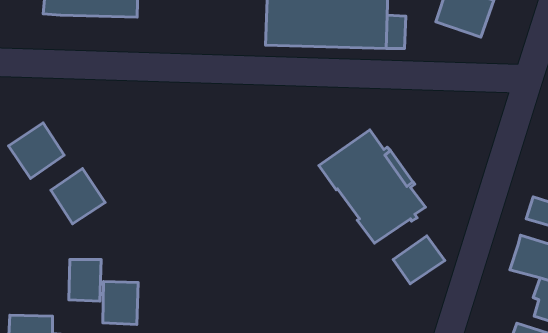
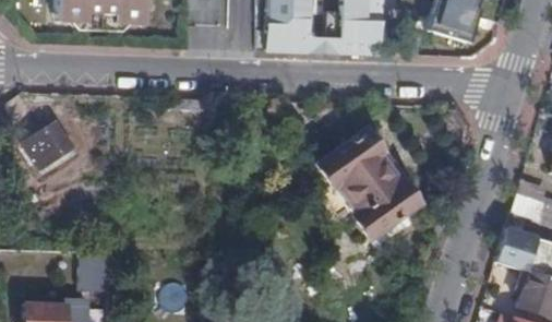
building: [51,168,105,224] -> none
building: [393,236,445,284] -> none
building: [103,281,138,324] -> none

